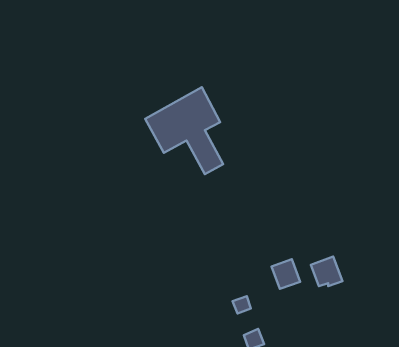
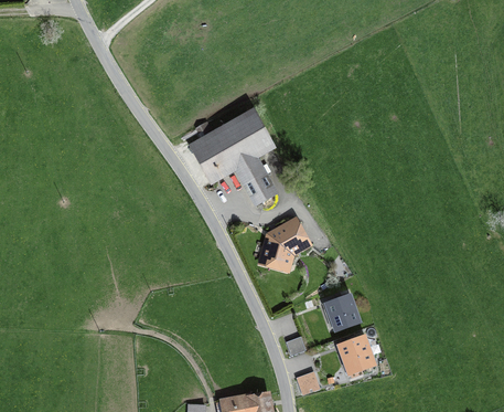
building: none -> [260,219,308,265]
building: [311,257,342,286] -> [339,336,373,368]

